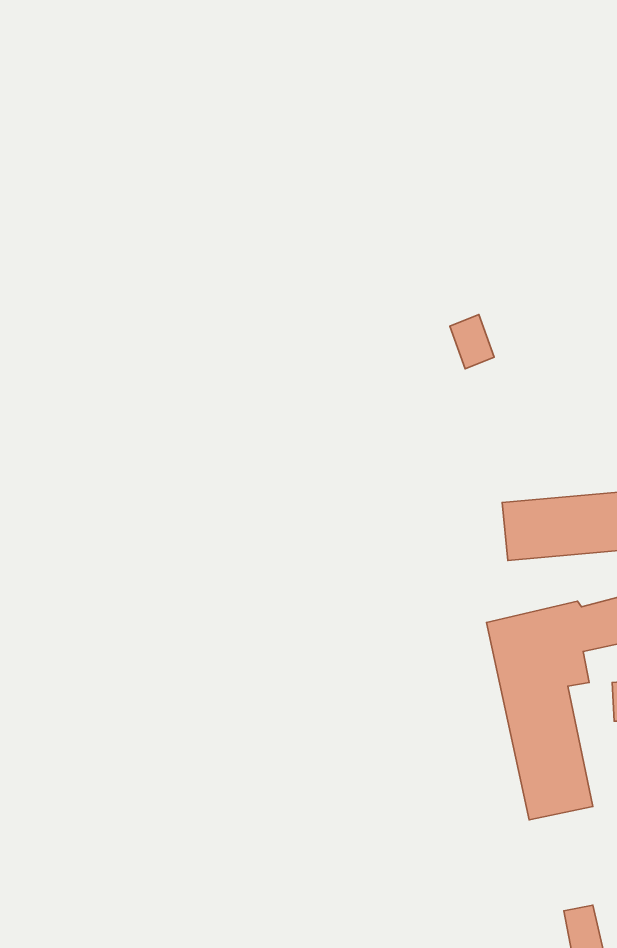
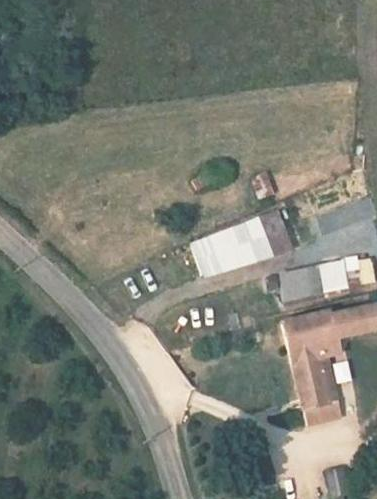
building: none -> [204,201,309,275]

